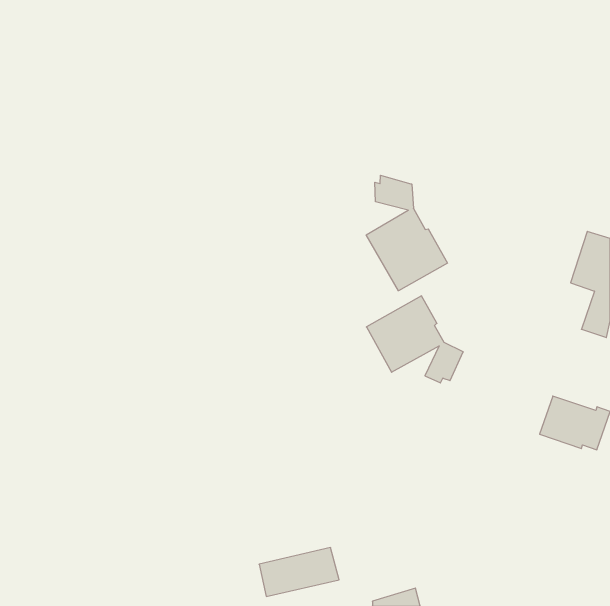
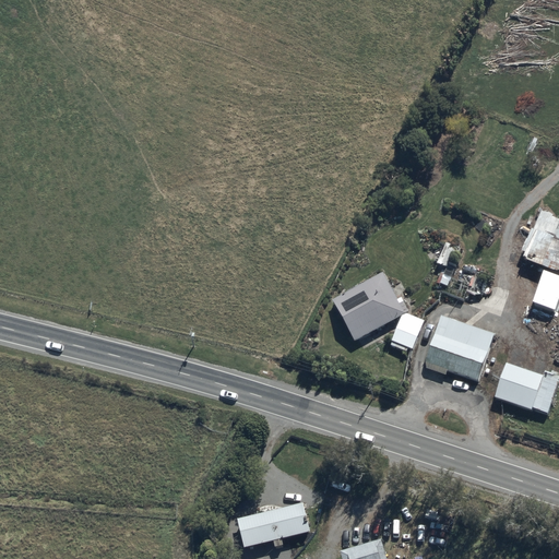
building: [366,175,447,291] -> none
building: none -> [427,314,493,380]

